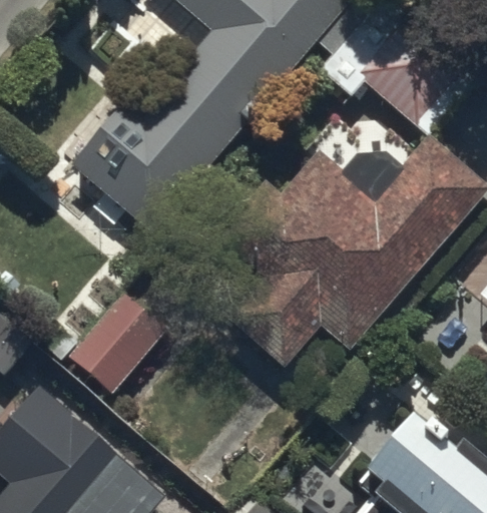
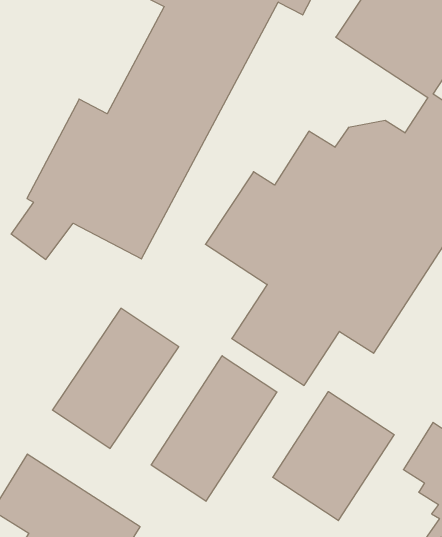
building: none -> [151,356,277,501]
building: none -> [273,392,394,521]

